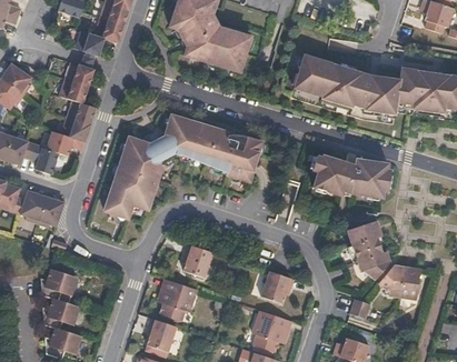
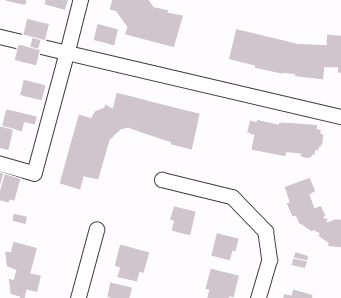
building: [93,17,122,42] -> [93,23,119,46]
building: [59,74,88,99] -> none
building: [61,112,91,137] -> none
building: [182,245,212,279] -> [169,206,197,236]

